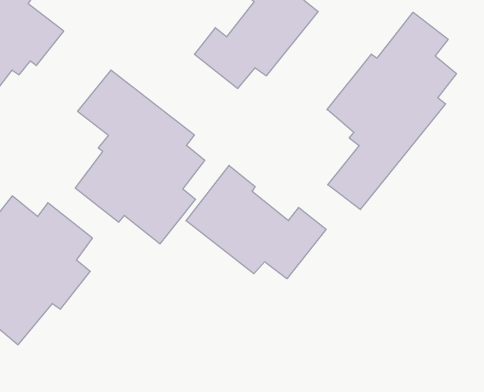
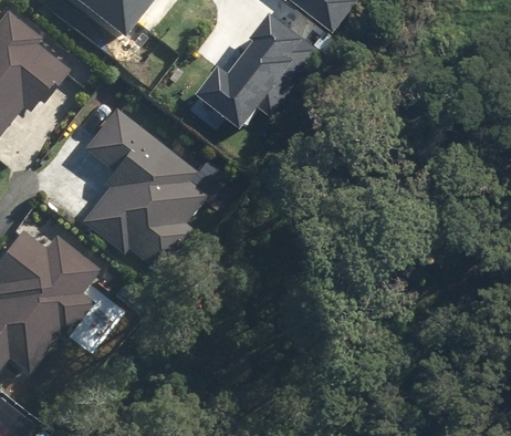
building: [327,12,456,210] -> none
building: [186,165,326,279] -> none

